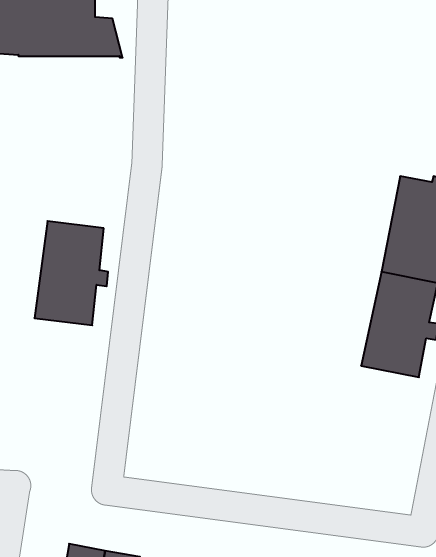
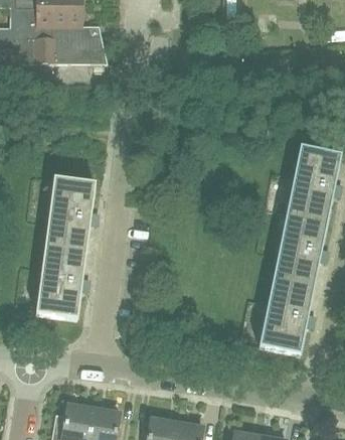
building: none -> [36,247,88,319]
building: none -> [260,280,314,354]

